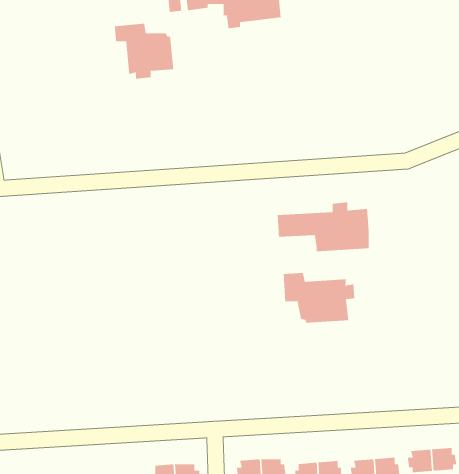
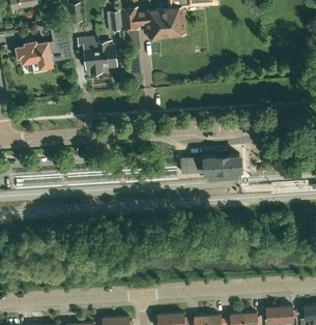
building: none -> [16,38,71,65]
building: [283,272,355,323] -> none

